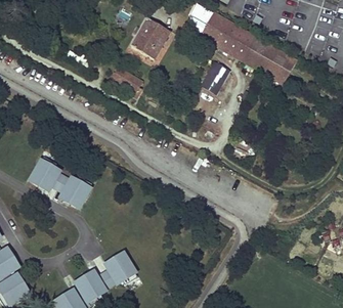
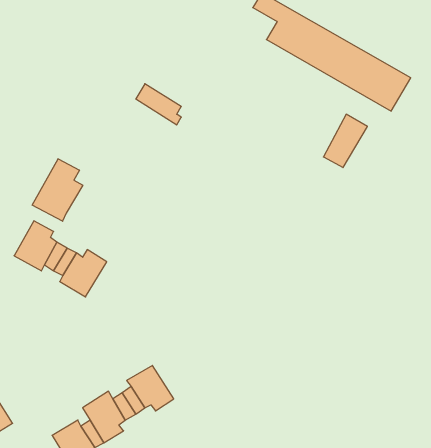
building: [131,13,171,55] -> none
building: [200,58,229,94] -> [323,114,367,168]
building: none -> [32,159,83,221]

